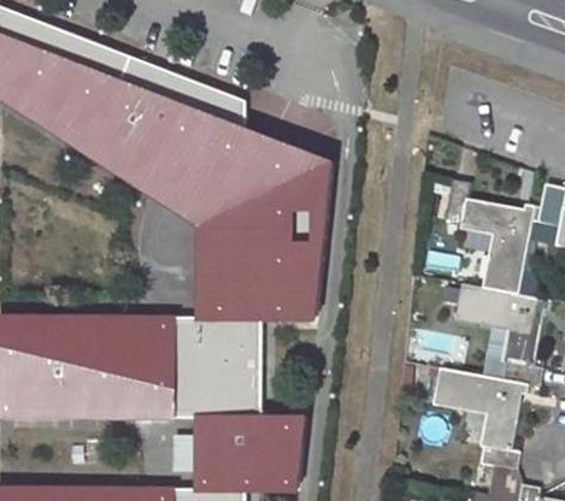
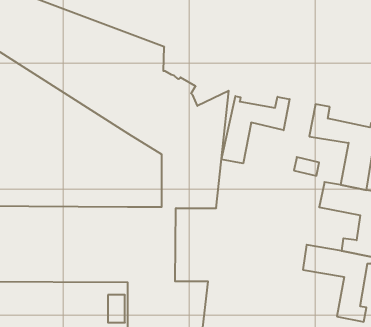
building: none -> [221,96,290,163]
building: [196,218,242,317] -> none

